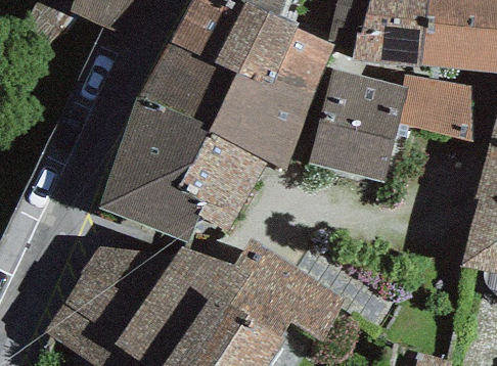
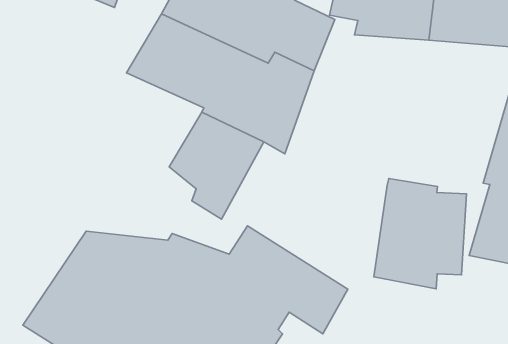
building: [310,68,473,182] -> none
building: [97,97,211,244] -> none
building: none -> [374,178,466,289]

